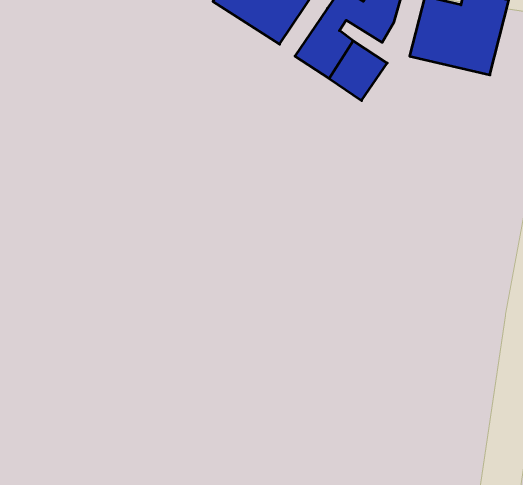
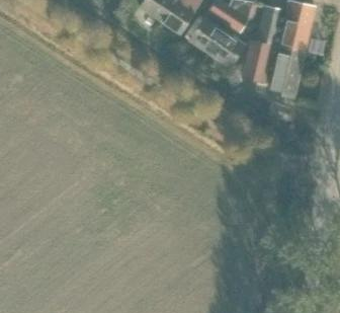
building: none -> [242,40,305,99]

